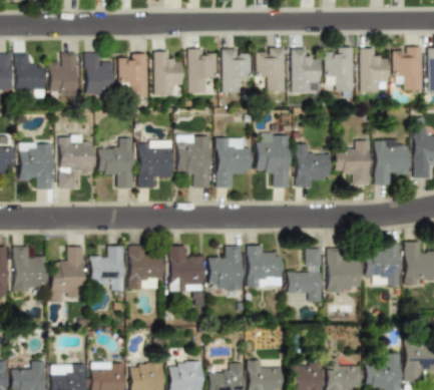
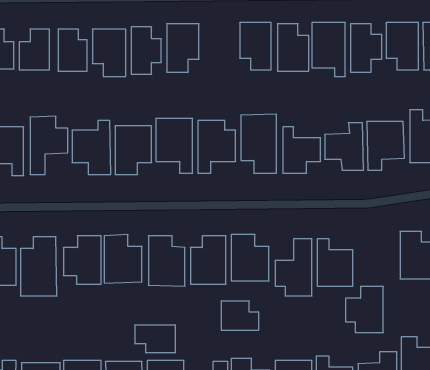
building: [223,48,252,92] -> none
building: [366,243,401,286] -> [346,286,383,333]
building: none -> [221,301,258,330]
building: none -> [135,325,175,353]

